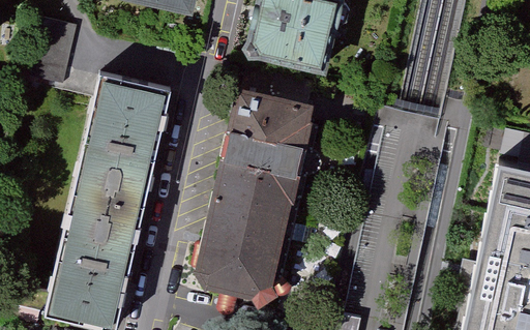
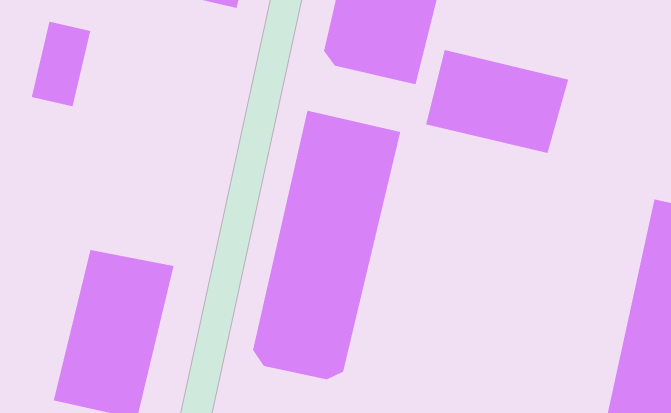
building: none -> [425,49,569,154]
building: [76,76,167,207] -> none

